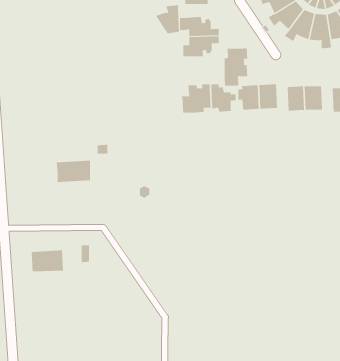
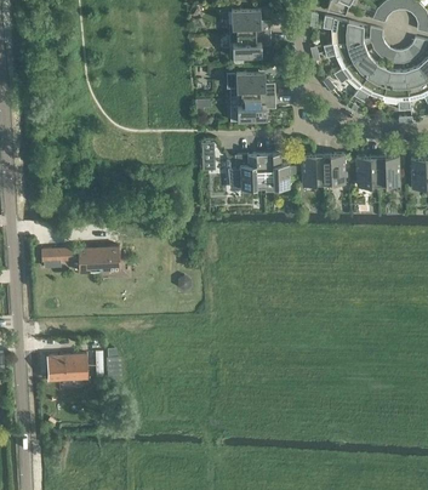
building: [155,5,179,34] -> none
building: [224,47,248,87] -> none
building: none -> [41,249,79,268]

